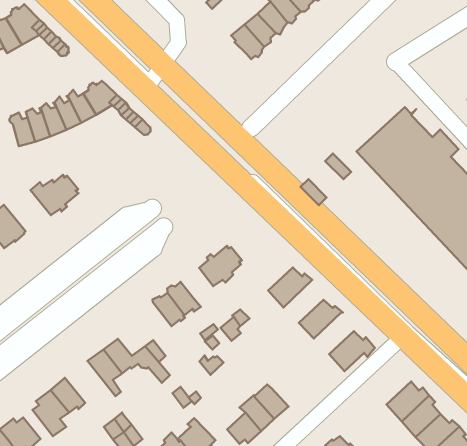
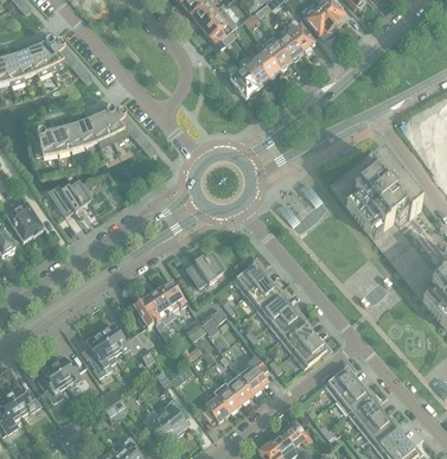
building: none -> [231,256,266,294]
building: none -> [255,288,289,324]
building: none -> [133,297,167,337]
building: none -> [279,318,313,352]
building: none -> [324,361,358,399]
building: none -> [236,355,268,394]

